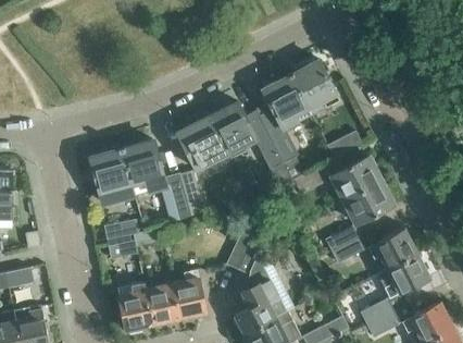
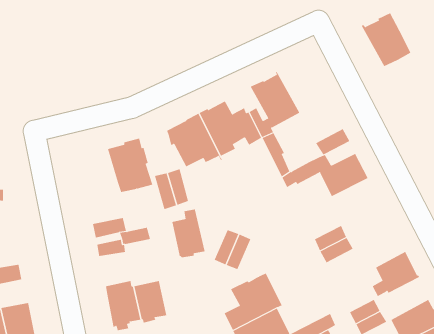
building: [288,61,338,115] -> [361,12,411,67]
building: [260,140,292,188] -> none
building: [89,148,132,204] -> none
building: [342,181,392,225] -> none
building: [366,229,416,270] -> none
building: [171,270,204,319] -> [172,209,205,258]

